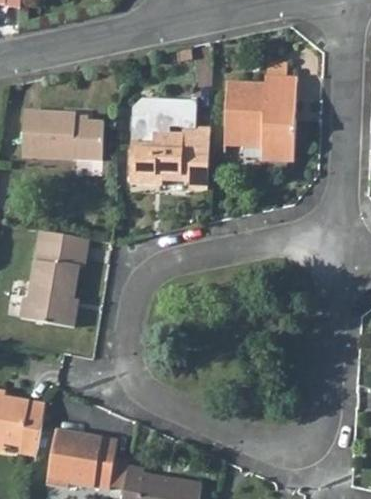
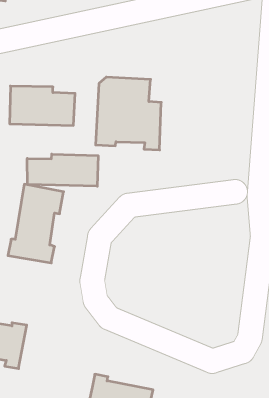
building: [224,77,297,164] -> none
building: none -> [27,154,98,186]
building: [48,428,118,488] -> none

